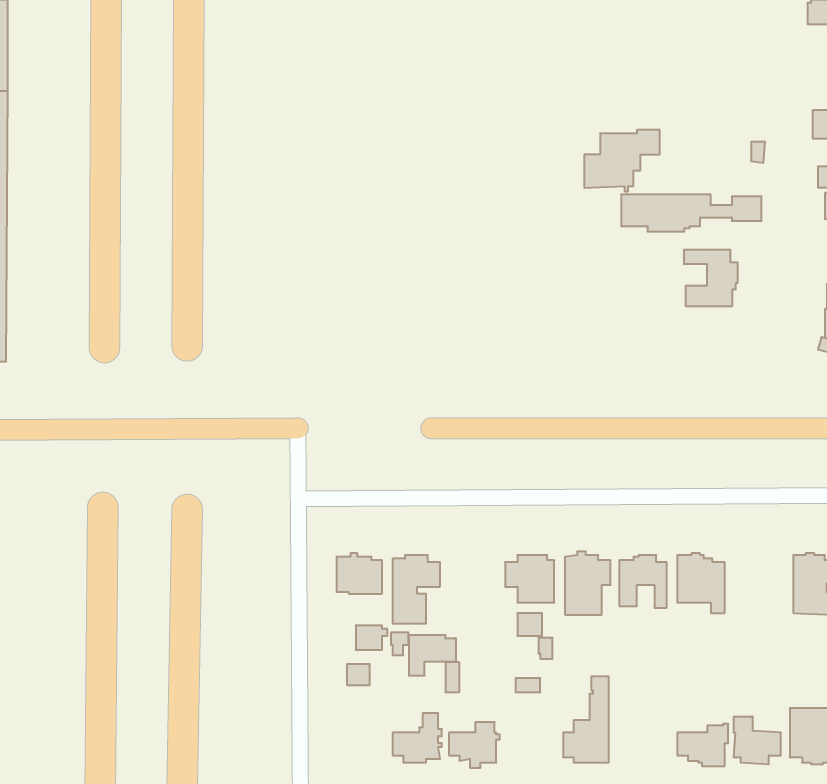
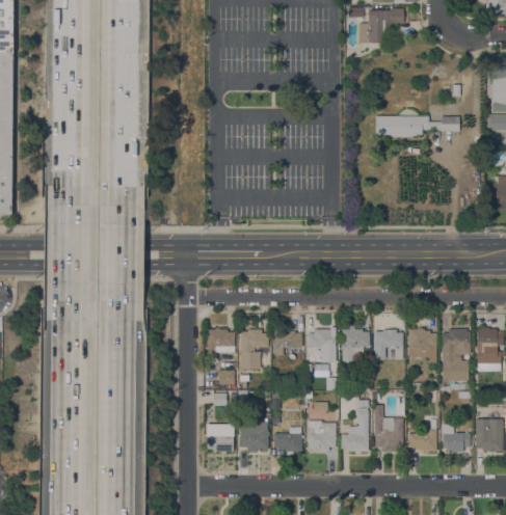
building: [584,130,660,191] -> [358,9,403,46]
building: [684,250,737,306] -> none
building: none -> [442,329,470,381]
building: [409,635,456,676] -> [273,331,301,355]
building: none -> [374,405,402,452]
building: none -> [308,421,336,452]
building: none -> [206,425,233,454]

